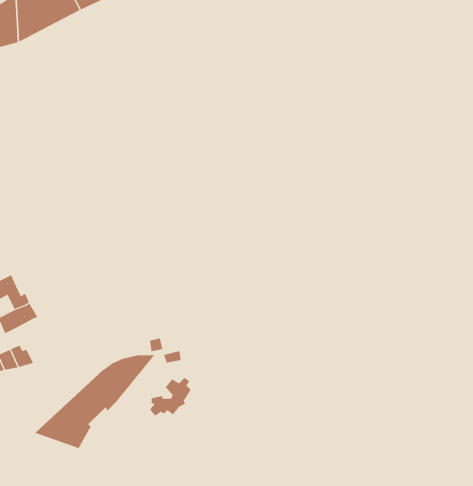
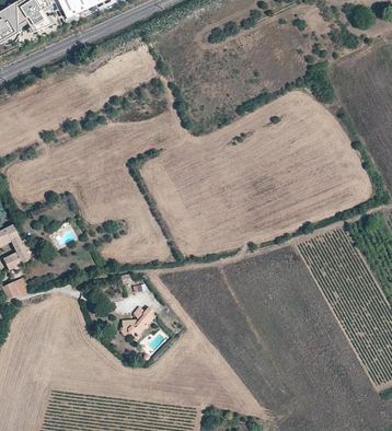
building: [34,354,155,449] -> none

